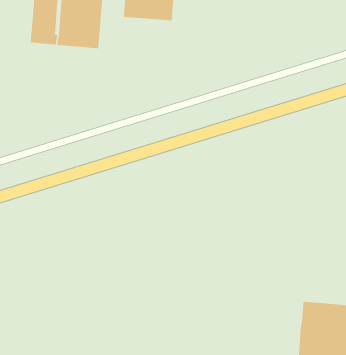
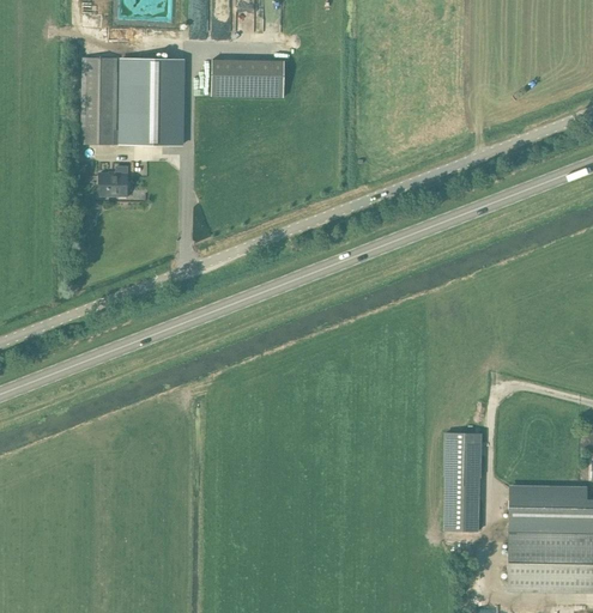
building: none -> [99,165,128,194]
building: none -> [444,432,483,530]

